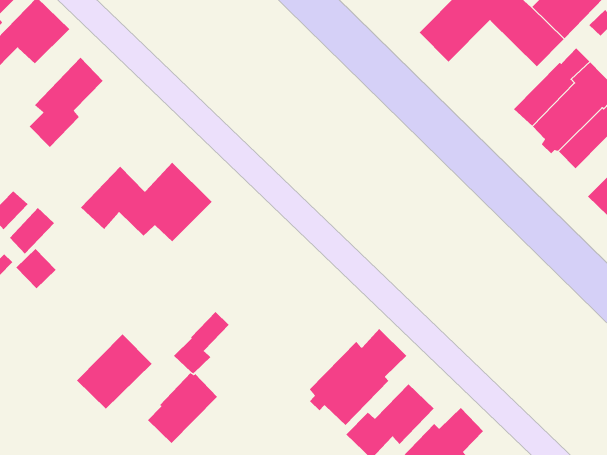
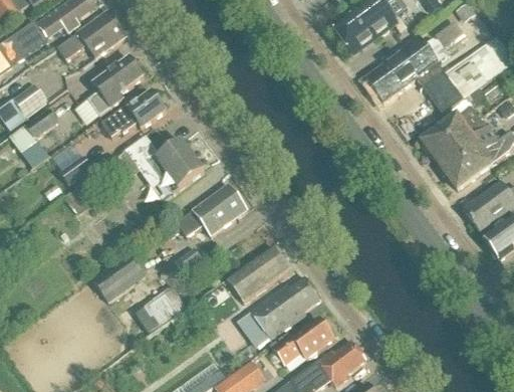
building: none -> [103,90,167,137]
building: none -> [177,184,247,237]
building: none -> [228,246,290,303]

